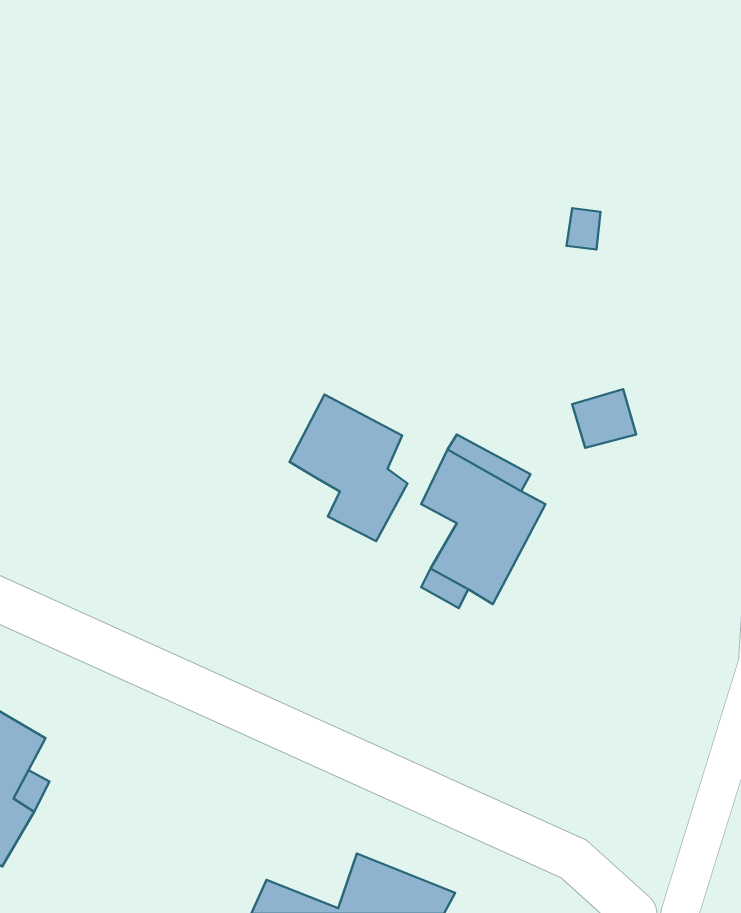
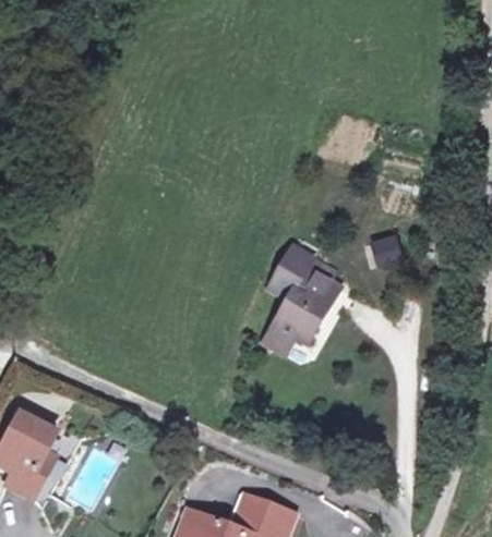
building: [289,395,407,541] -> none

